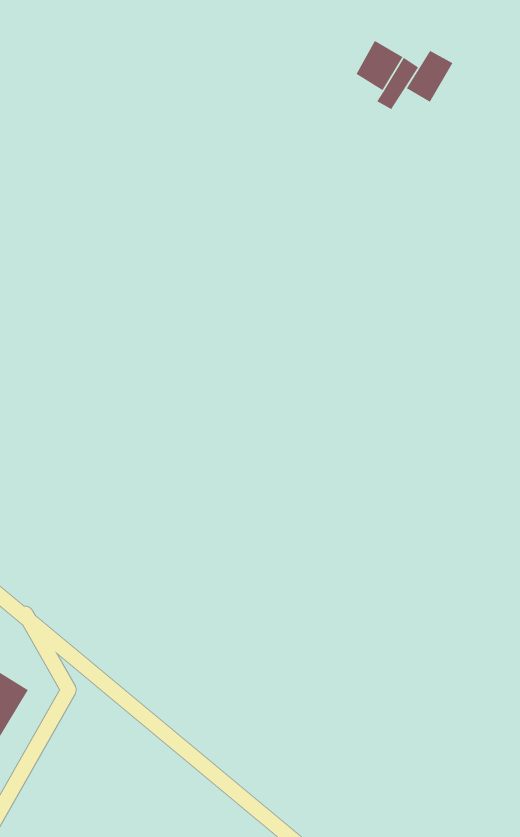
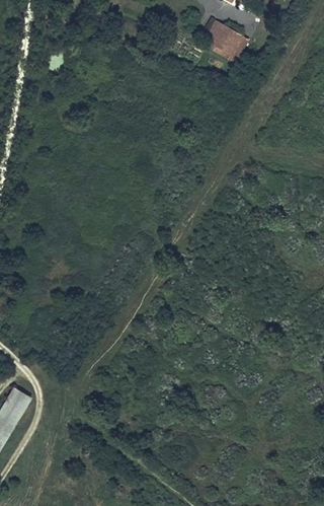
building: [406,50,453,103] -> none

